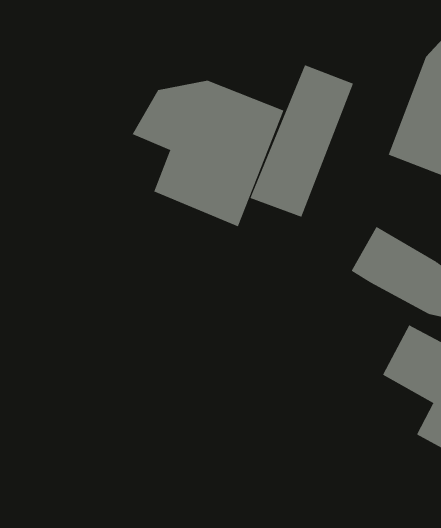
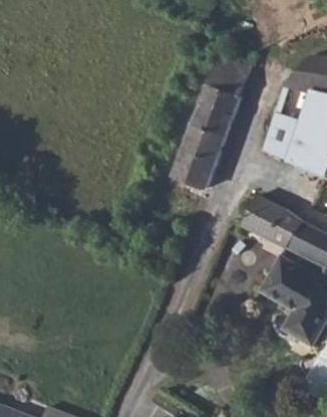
building: none -> [207,54,251,97]
building: [132,80,284,227] -> none

